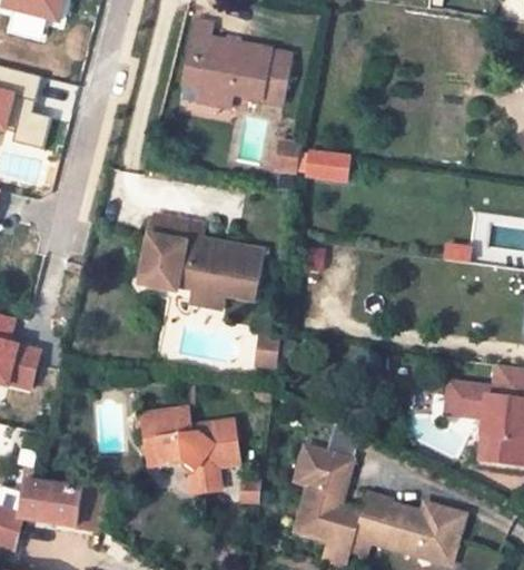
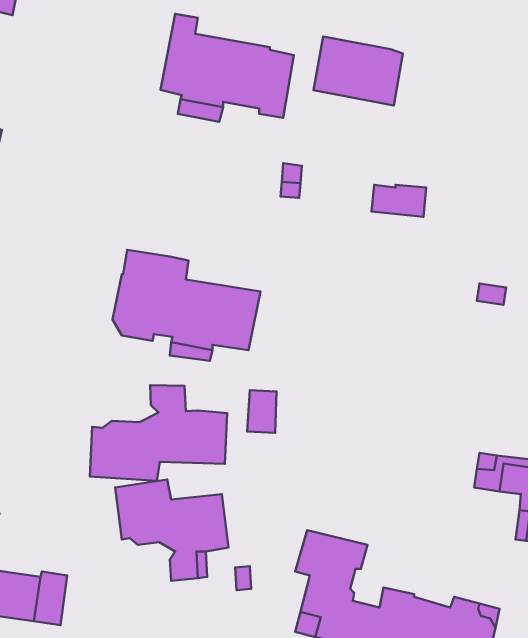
building: none -> [314,37,403,106]
building: [305,150,350,177] -> [372,185,426,217]
building: none -> [90,385,227,481]

